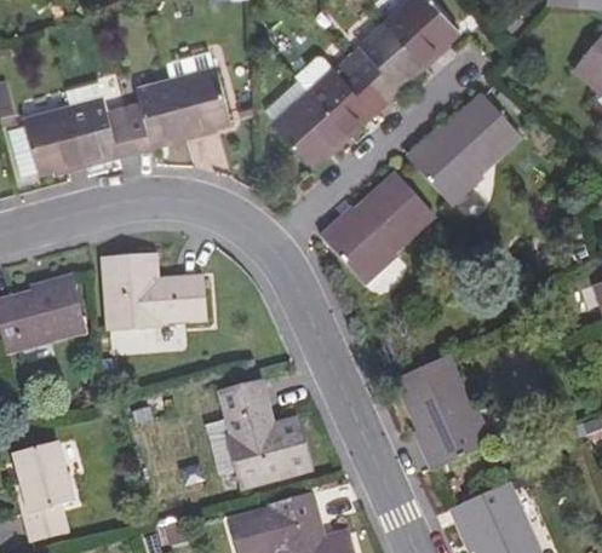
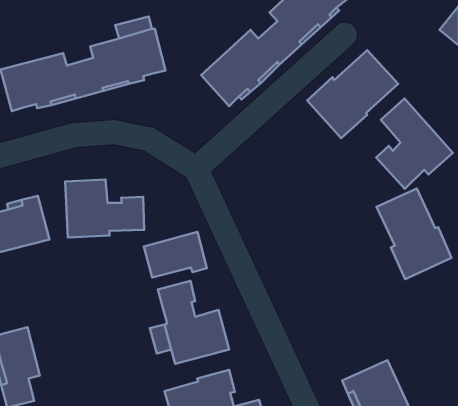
building: none -> [376,99,453,189]
building: [321,172,434,282] -> none
building: none -> [144,232,207,278]
building: [396,356,491,470] -> [376,188,452,279]

